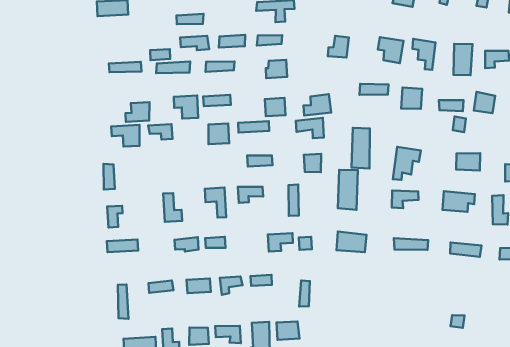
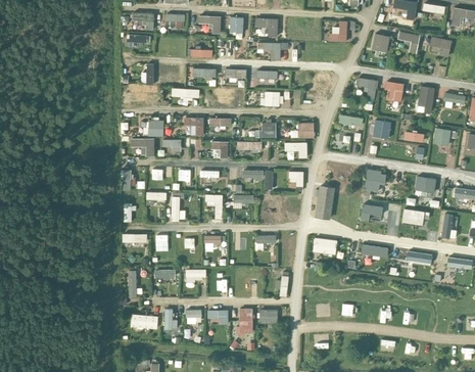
building: [352,128,370,169] -> none

